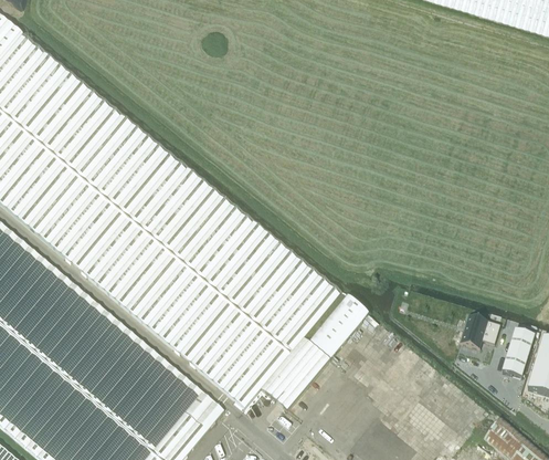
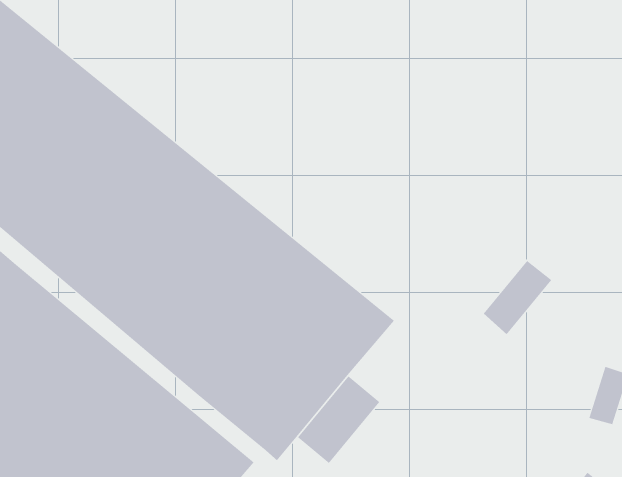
building: [310,299,368,360] -> [483,260,552,335]
building: [461,317,500,352] -> none

